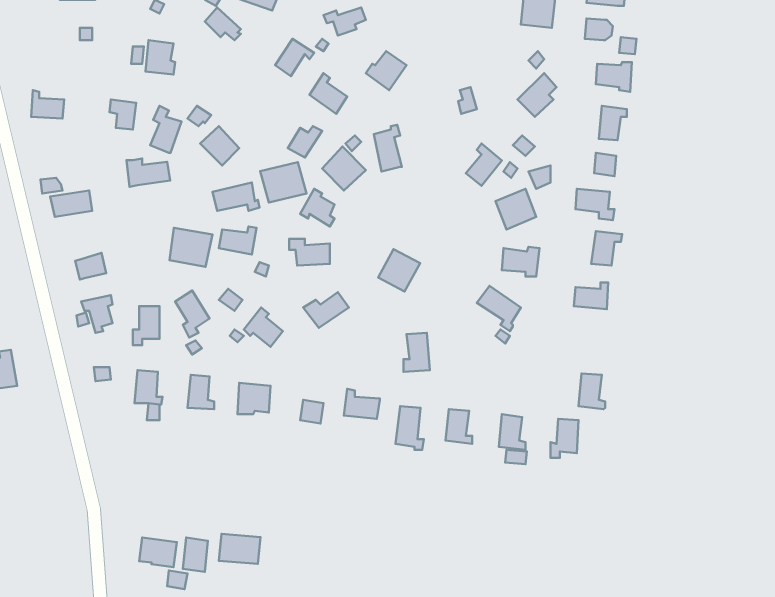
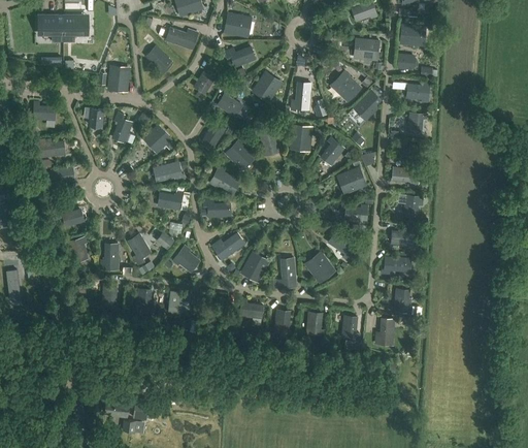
building: none -> [333,72,361,101]
building: none -> [291,82,310,110]
building: none -> [290,125,311,148]
building: [127,159,170,187] -> [36,139,65,158]
building: [260,162,306,203] -> none
building: [169,228,213,267] -> none
building: [378,249,420,291] -> [240,254,268,282]
building: none -> [306,254,334,282]
building: none -> [382,256,410,274]
building: [219,534,260,564] -> none

